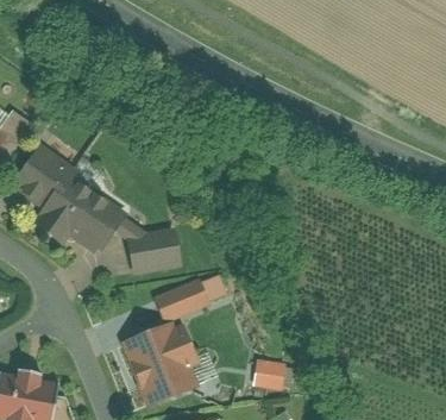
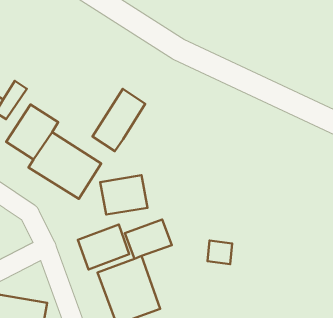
building: none -> [93,89,145,151]
building: none -> [78,224,129,269]
building: [252,359,282,388] -> [207,241,232,264]

